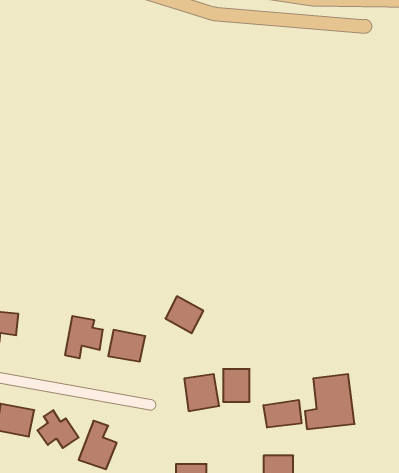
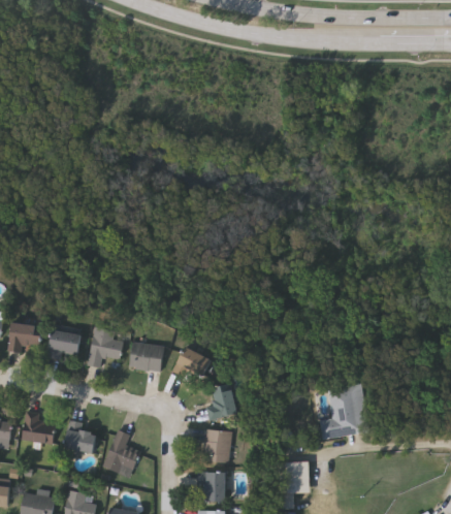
building: [165,296,203,333] -> [175,346,213,382]
building: none -> [45,328,83,361]
building: [223,369,250,402] -> [203,429,229,461]
building: [264,400,301,428] -> none

